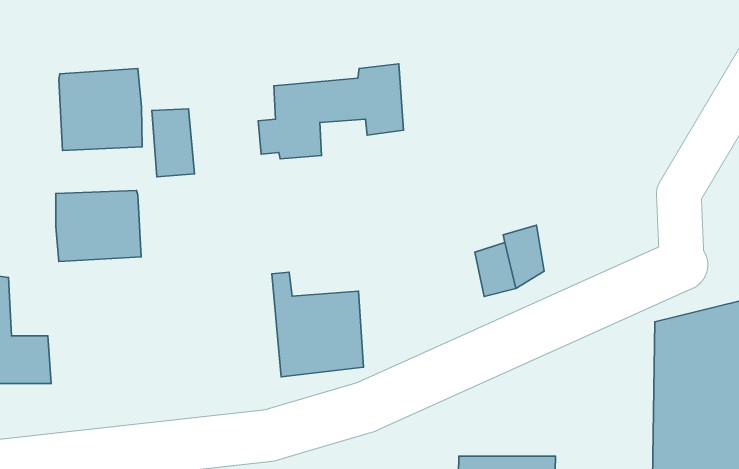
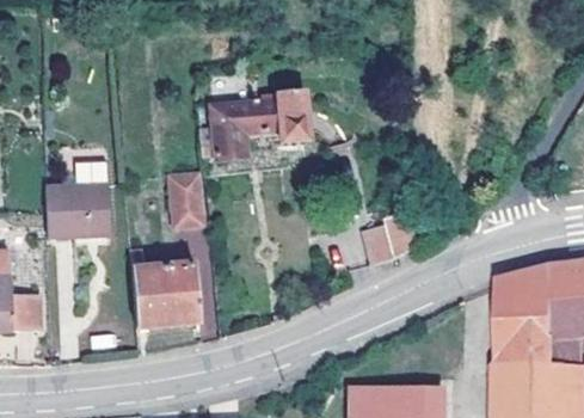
building: [59,69,142,150] -> none
building: [152,109,195,177] -> [171,173,203,225]
building: [272,272,363,377] -> [129,248,198,327]

